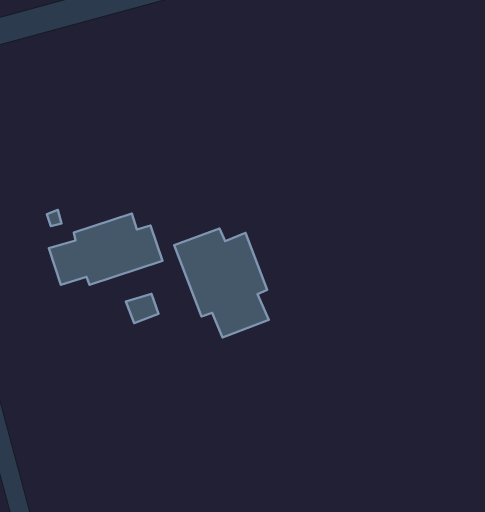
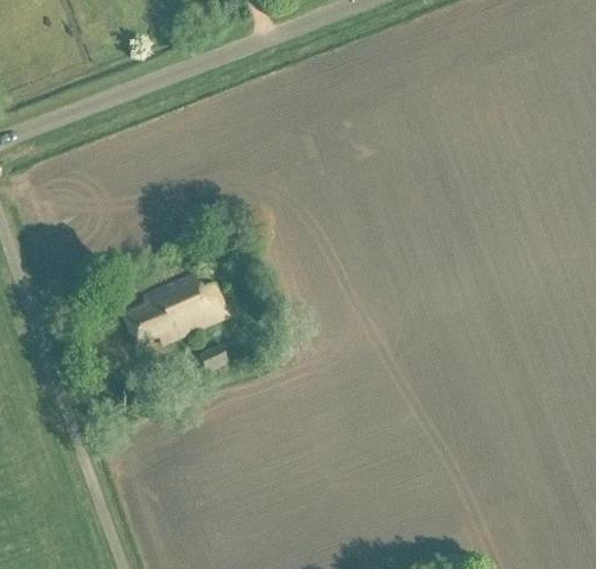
building: [174,228,269,337] -> none

